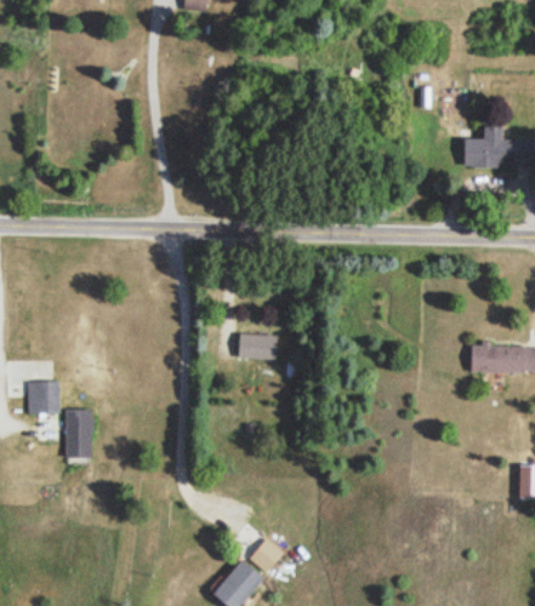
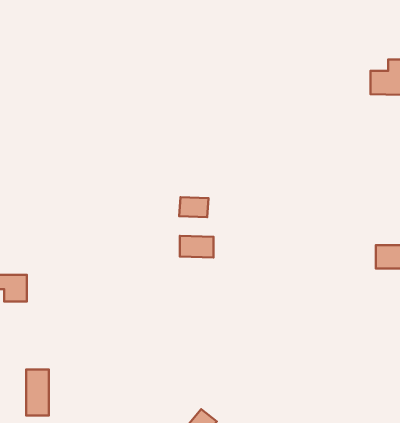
building: none -> [179,197,208,217]
building: [66,408,92,463] -> [26,369,49,416]

